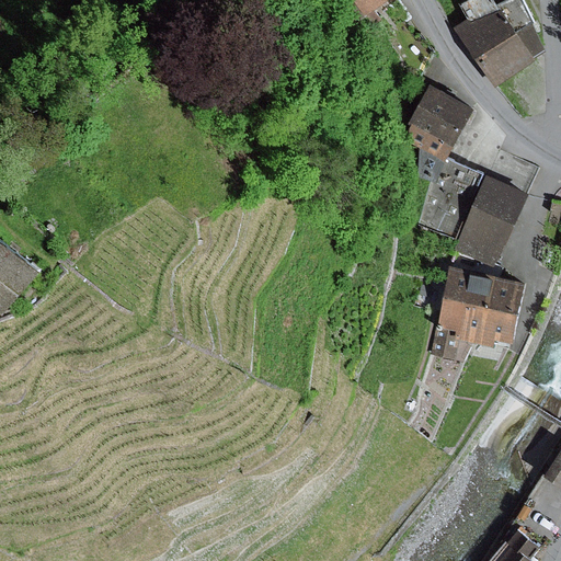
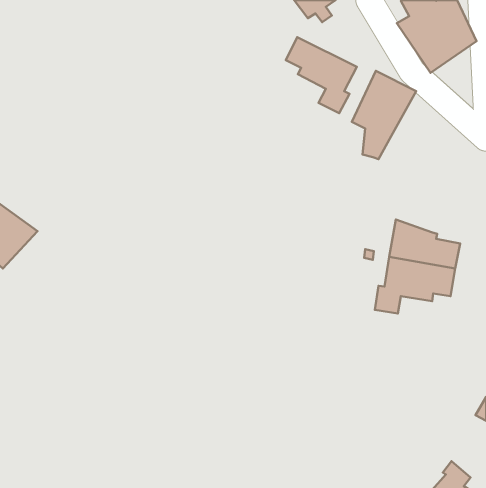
building: none -> [286,37,357,113]
building: [415,158,482,239] -> none
building: [453,175,527,267] -> none

